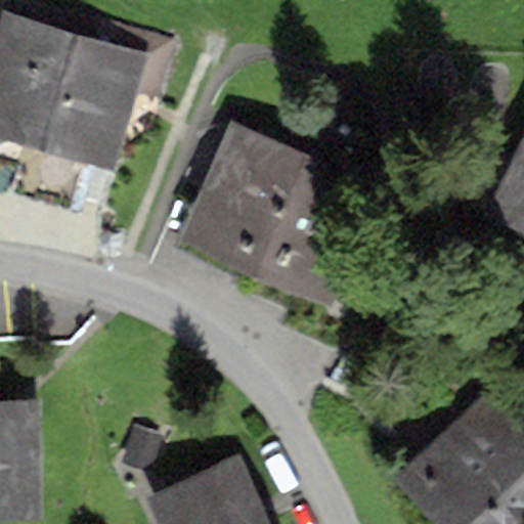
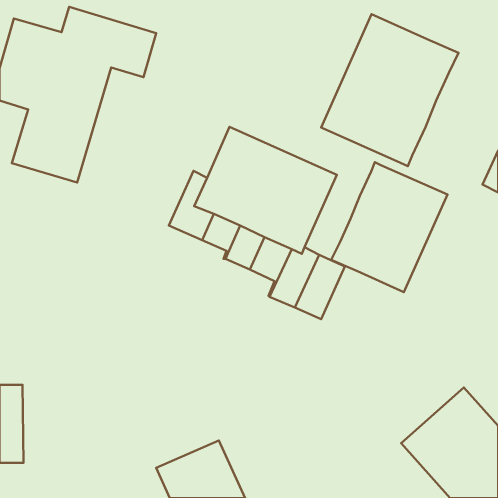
building: none -> [321,14,459,166]
building: none -> [331,162,447,292]

